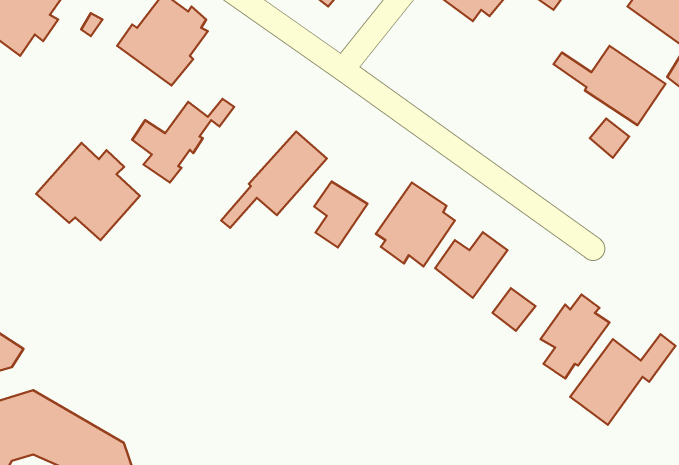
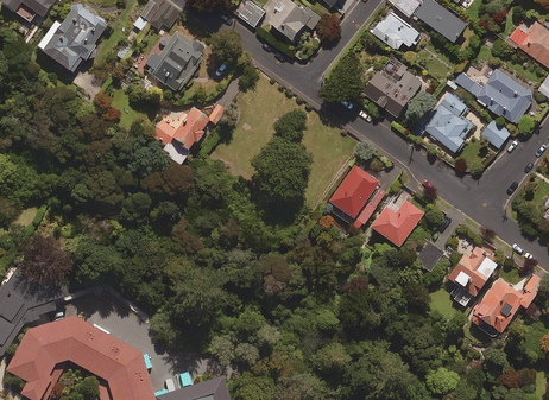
building: none -> [362,57,424,118]
building: none -> [414,91,473,152]
building: [221,131,327,228] -> none
building: [36,143,140,240] -> none
building: [314,181,368,247] -> none

